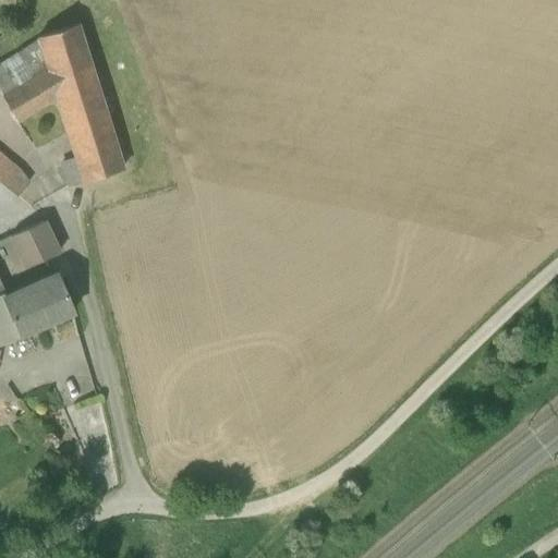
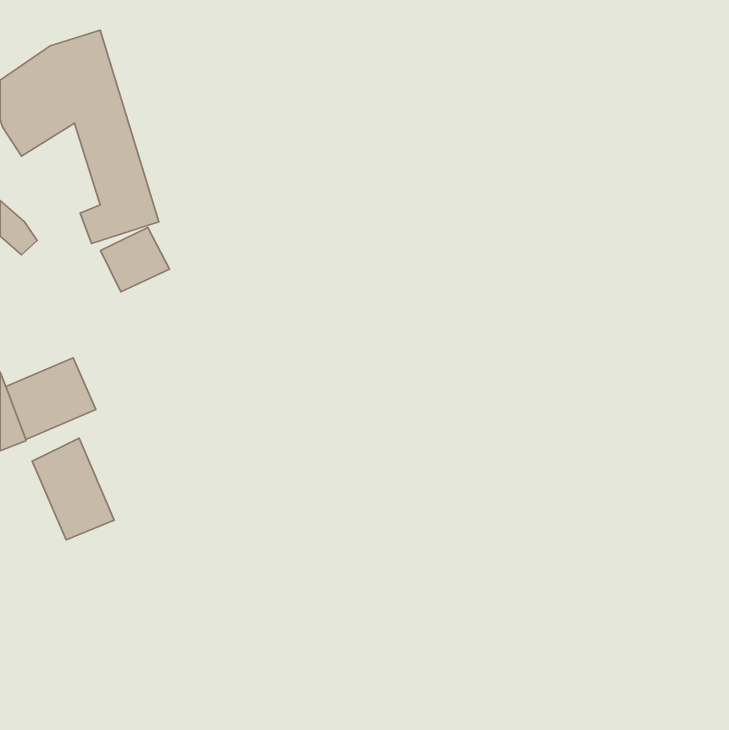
building: [11,220,63,269] -> [101,228,169,292]
building: none -> [32,438,114,540]

